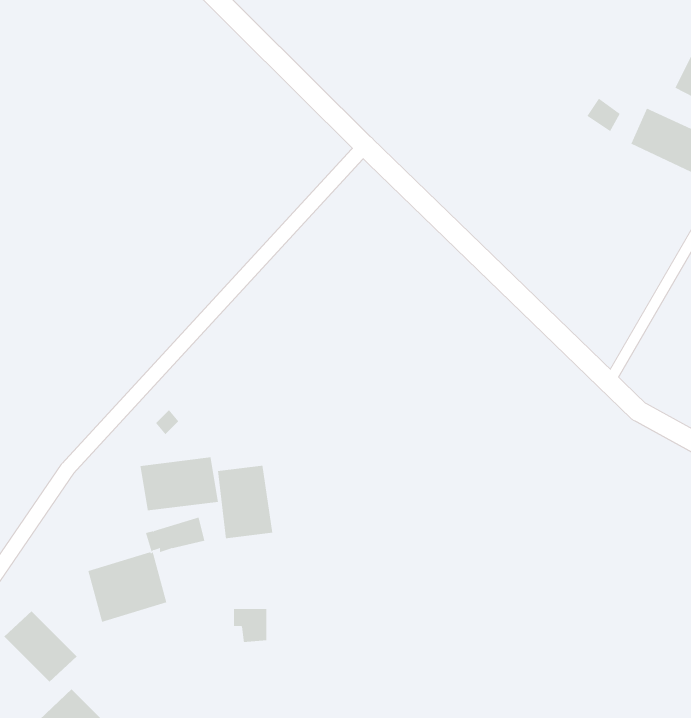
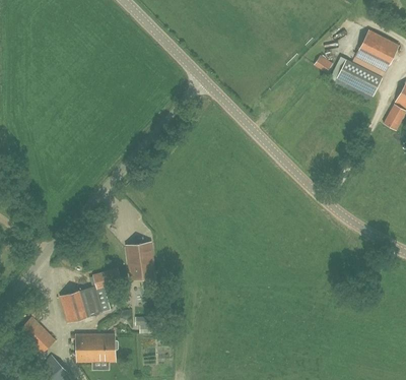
building: [140,456,218,511] -> none
building: none -> [76,334,118,362]

